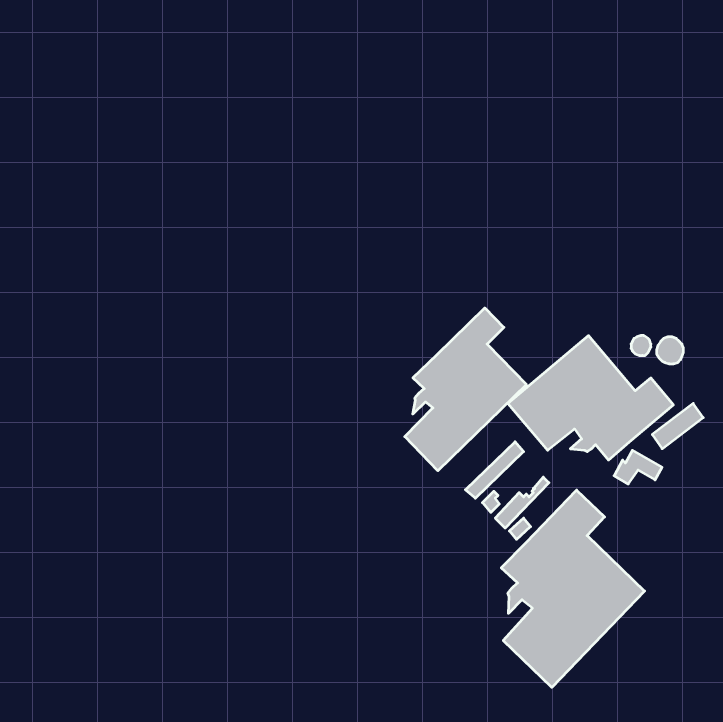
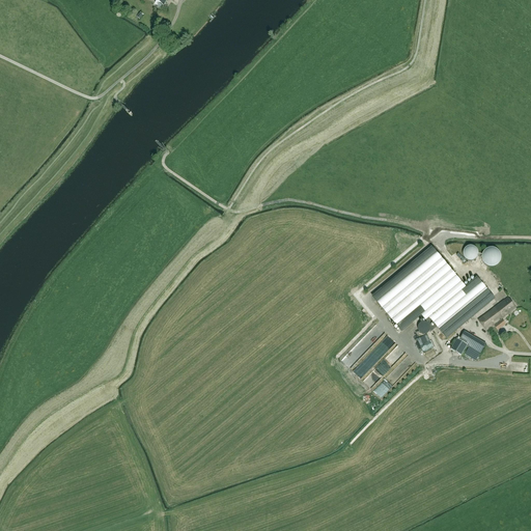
building: [405,308,526,471] -> none
building: [501,490,645,687] -> none

